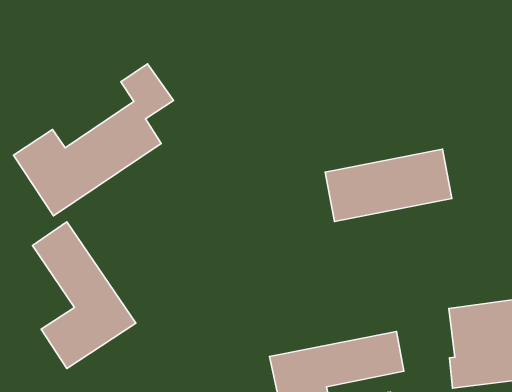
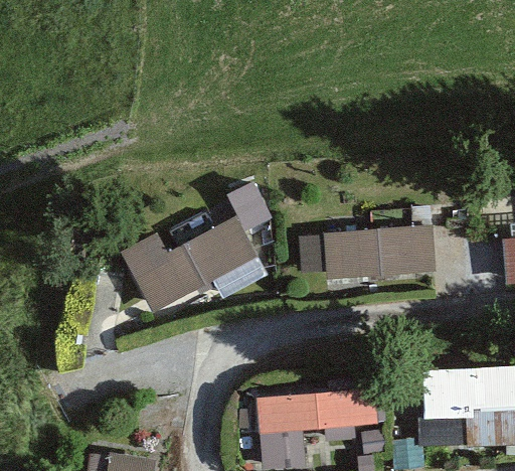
building: [13,64,173,216] -> [121,181,273,312]
building: [33,222,136,369] -> none

